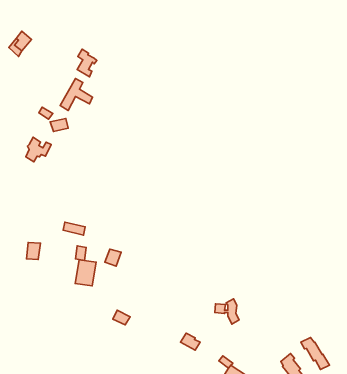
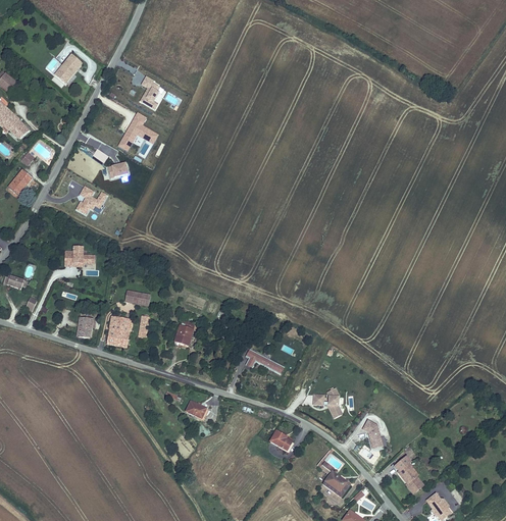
building: none -> [64,246,96,266]
building: [75,260,96,286] -> [106,315,133,348]
building: none -> [245,348,285,374]
building: none -> [361,419,385,451]
building: [301,338,329,369] -> none

